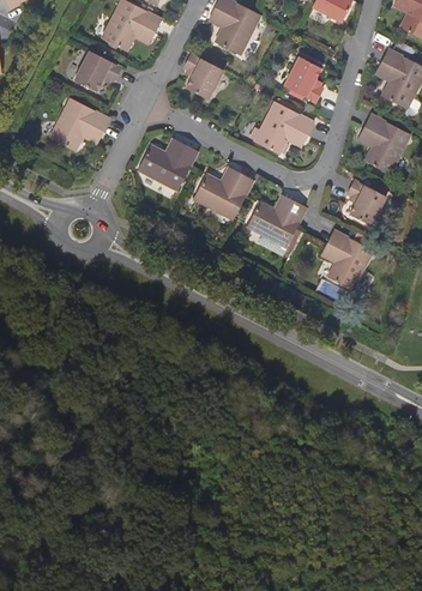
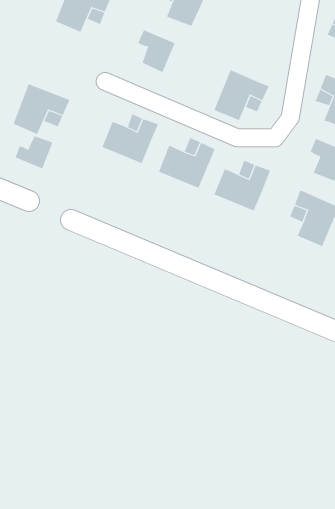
building: [74,50,121,91] -> none
building: [283,55,321,101] -> none
building: none -> [15,136,53,169]

